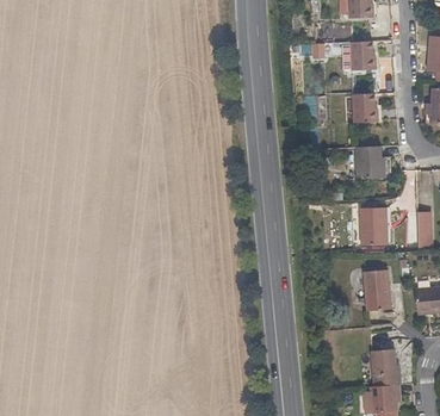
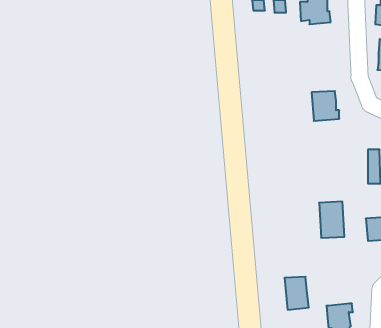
building: [351,92,378,122] -> none
building: [359,207,388,244] -> none
building: [370,349,397,386] -> [284,277,309,310]

